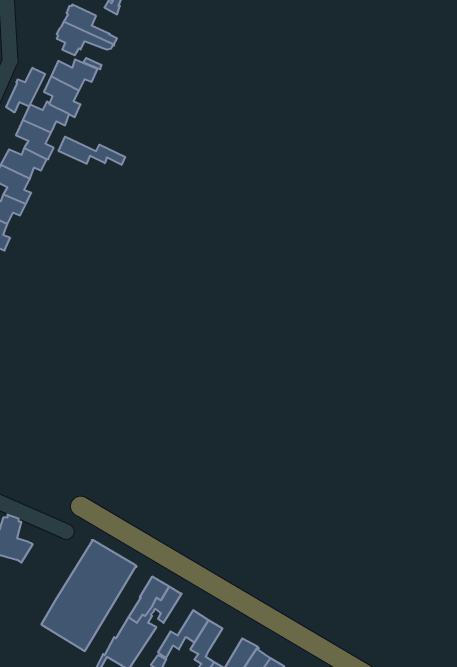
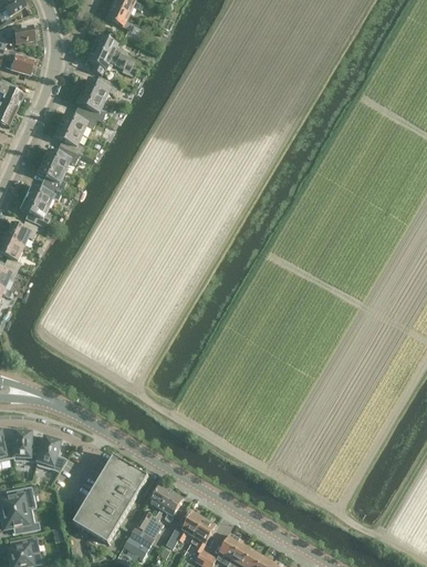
building: [6,68,45,112] -> none
building: [59,137,125,165] -> none

